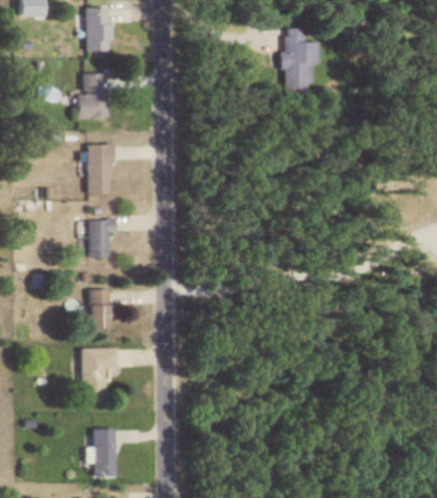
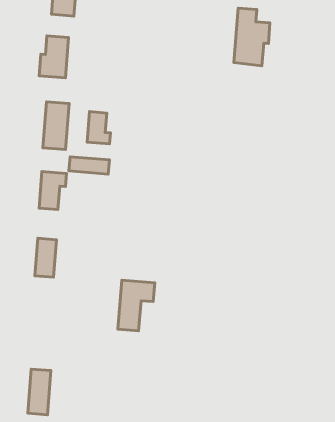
building: none -> [87,112,110,144]
building: none -> [69,157,109,174]
building: [82,348,118,401] -> [118,280,155,331]

